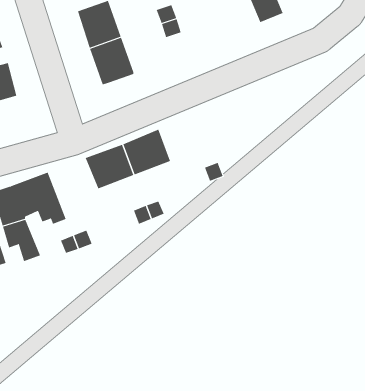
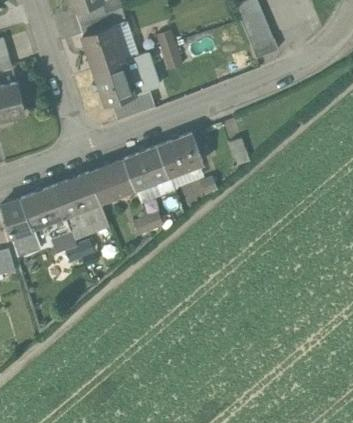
building: none -> [112,89,154,119]
building: none -> [158,133,203,176]
building: none -> [55,173,110,237]

